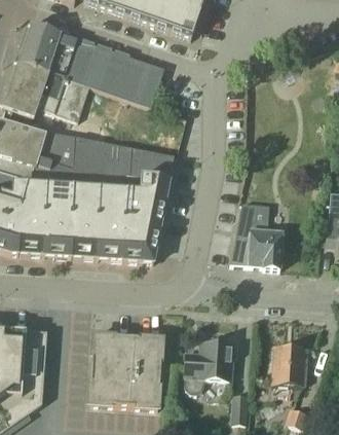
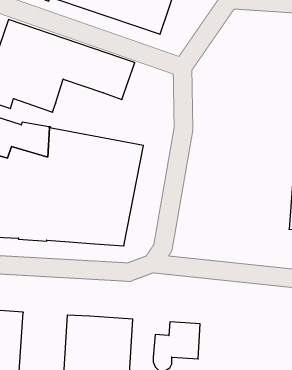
building: [230,202,282,267] -> none
building: [272,345,306,384] -> none

